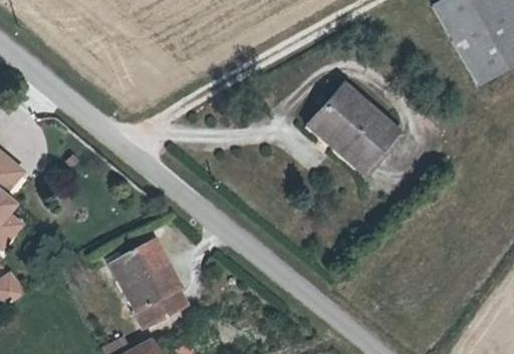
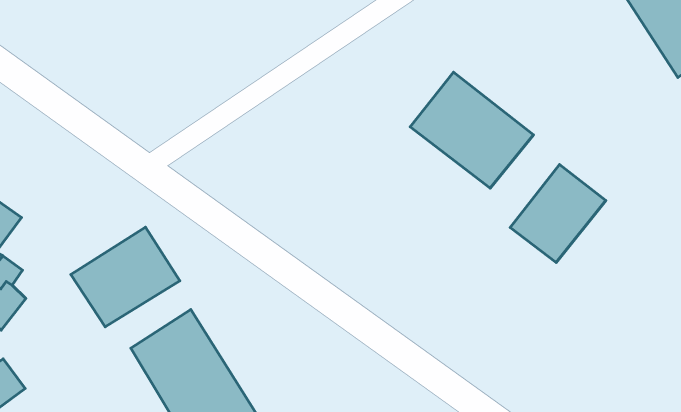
building: none -> [510,164,606,262]
building: none -> [71,227,180,327]

